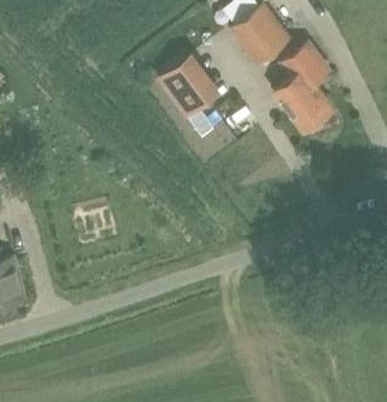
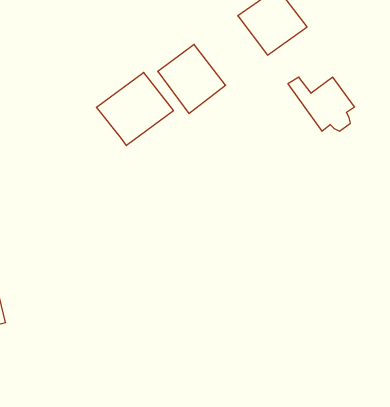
building: [282,44,328,98] -> none
building: none -> [96,72,173,146]

